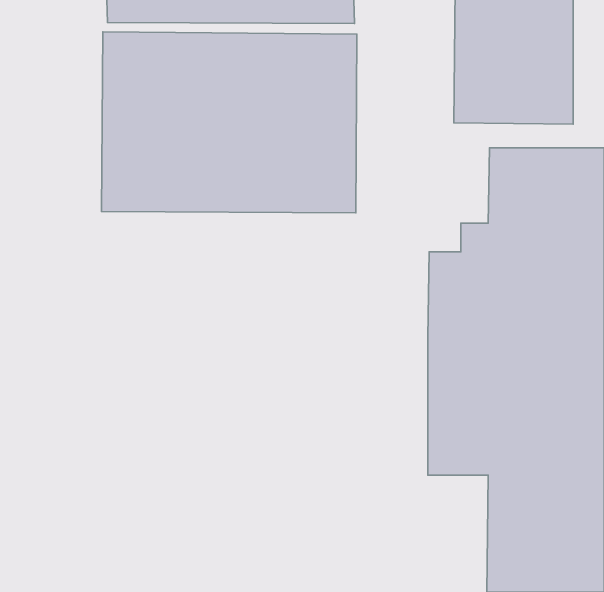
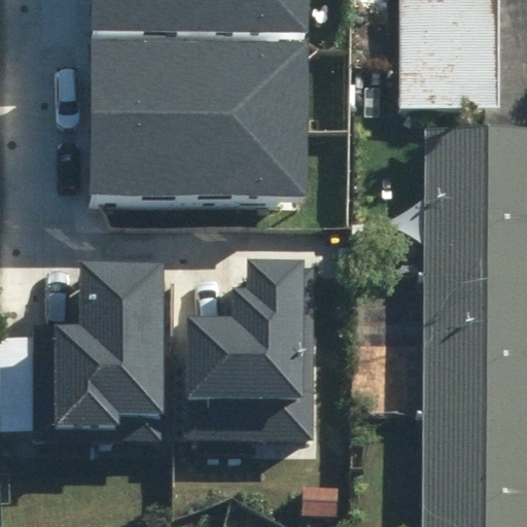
building: none -> [31,267,167,435]
building: none -> [186,269,313,441]

